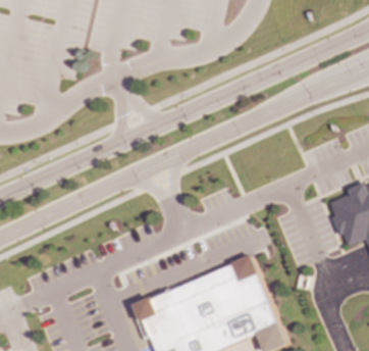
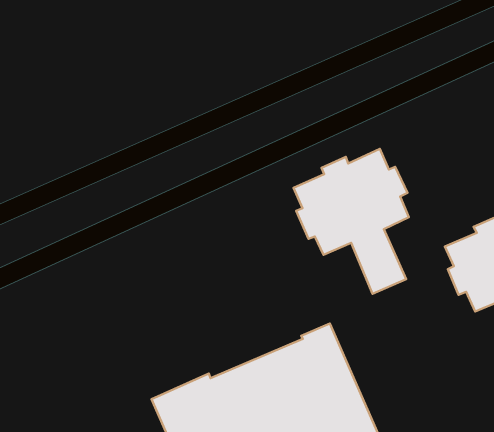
building: none -> [294,149,409,294]

